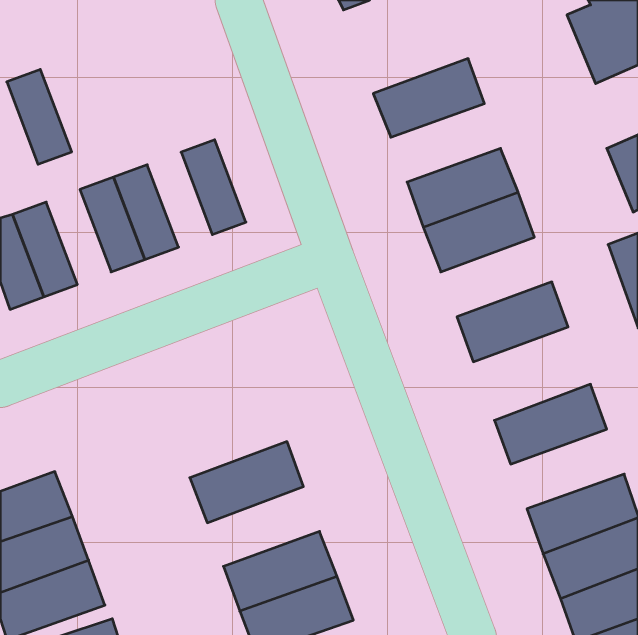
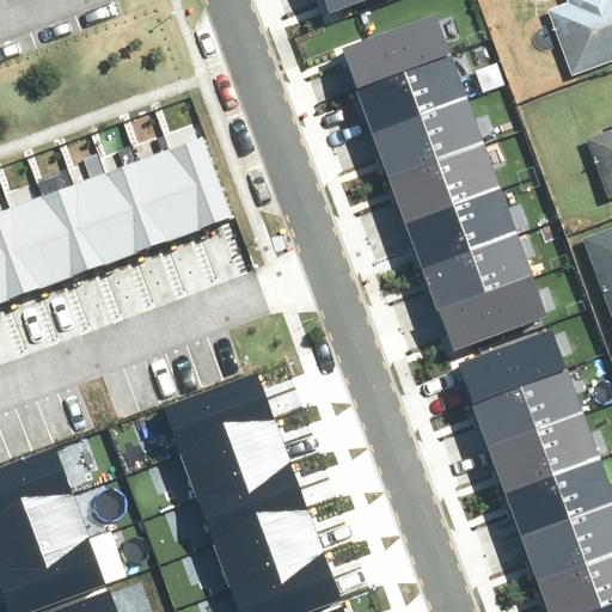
building: none -> [342,16,448,92]
building: [7,69,72,164] -> [44,184,106,275]
building: none -> [374,102,479,177]
building: none -> [141,148,203,239]
building: none -> [422,230,528,306]
building: none -> [457,328,565,405]
building: none -> [166,384,275,460]
building: none -> [489,414,598,490]
building: none -> [198,469,306,545]

